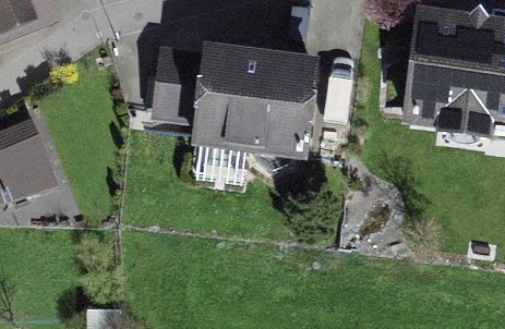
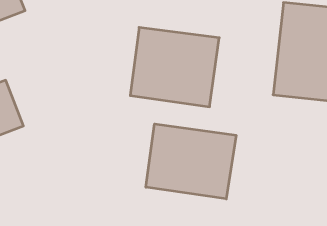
building: none -> [146,124,236,199]

